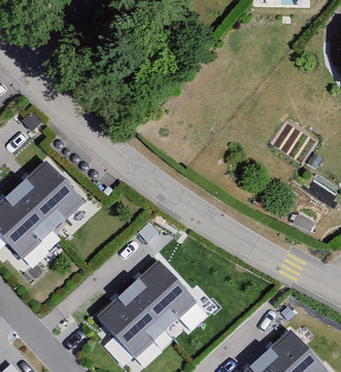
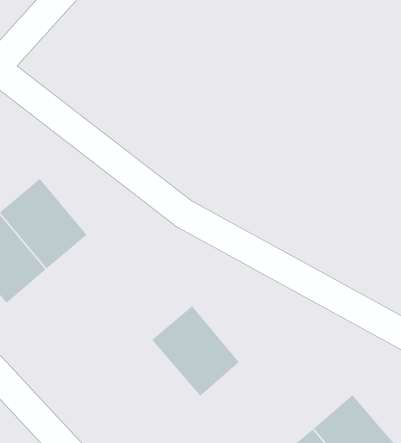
building: [103,285,173,357] -> none

